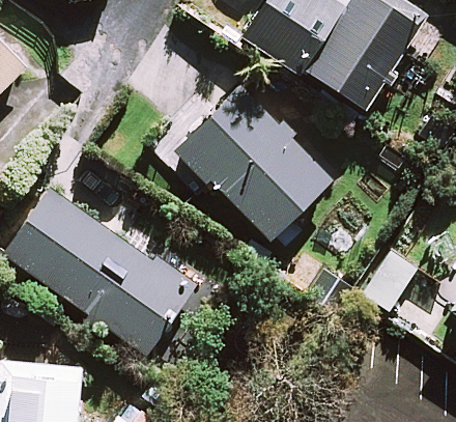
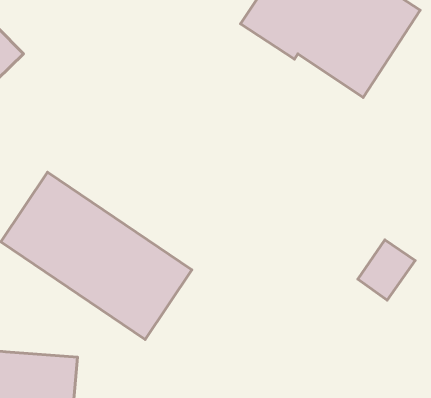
building: [152,87,331,251] -> none

